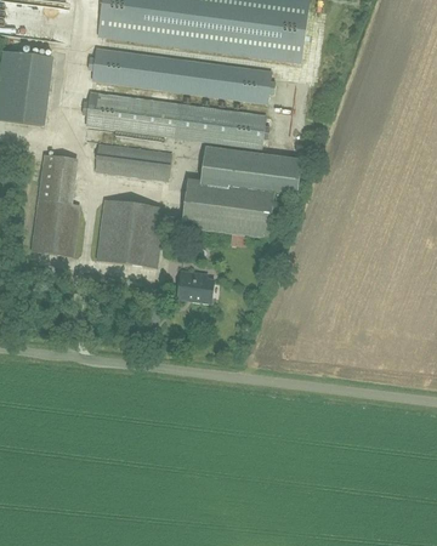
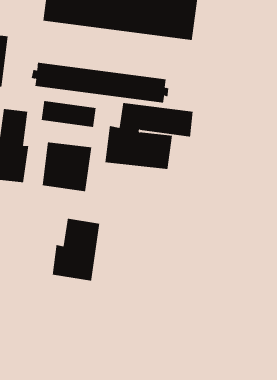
building: [87,47,274,102] -> none
building: [176,272,212,302] -> none
building: none -> [52,218,100,281]

